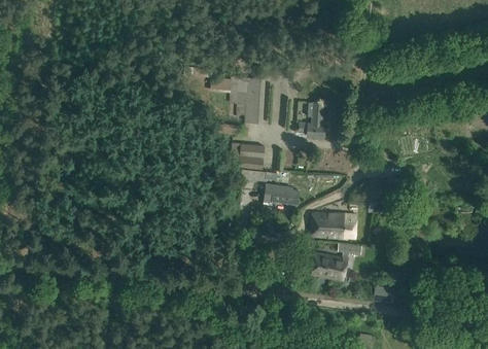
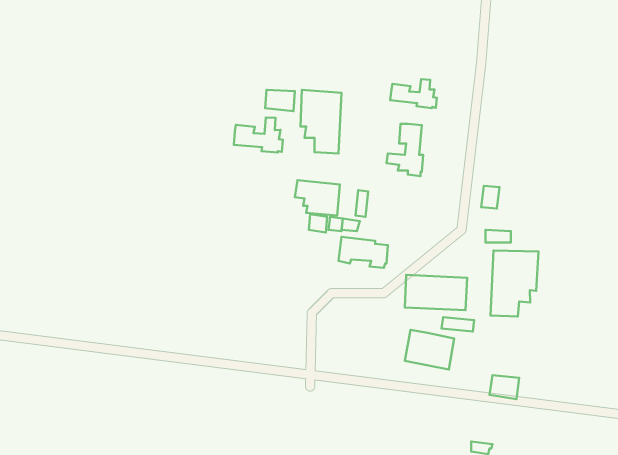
building: none -> [390,79,437,108]
building: none -> [234,118,283,153]
building: none -> [490,251,538,317]

